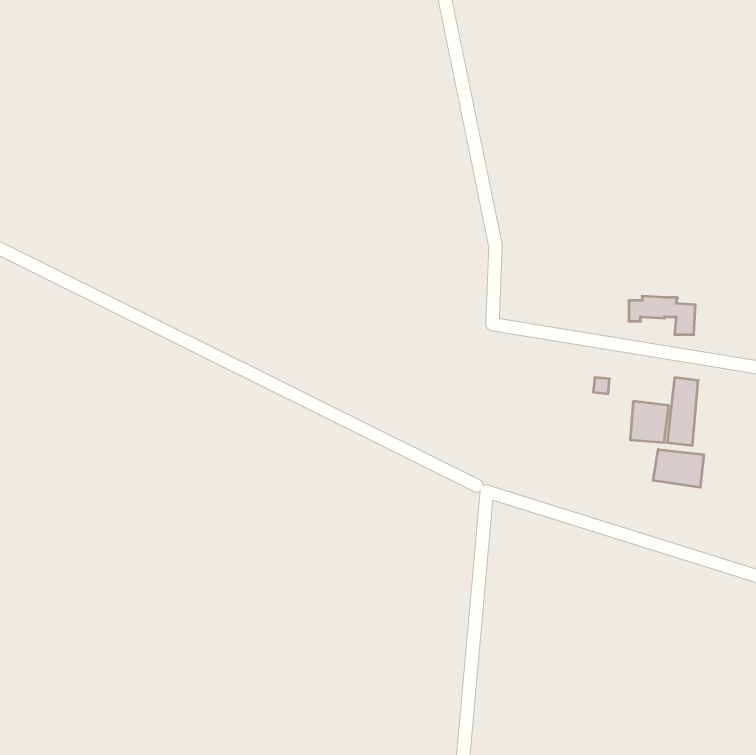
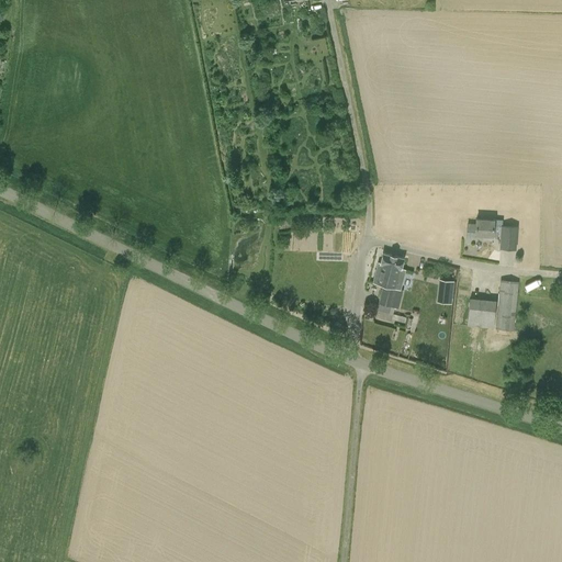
building: none -> [373,255,403,318]
building: [653,449,704,487] -> none

